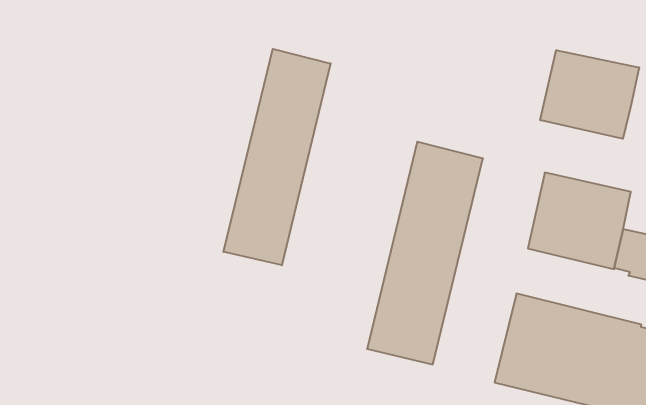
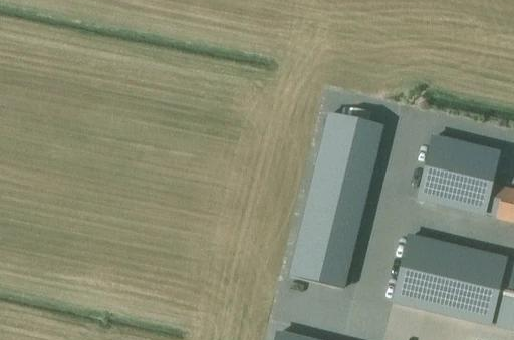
building: [224,49,331,265] -> none
building: [540,50,639,139] -> none

